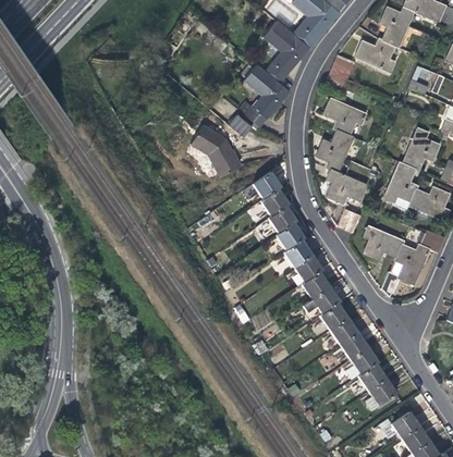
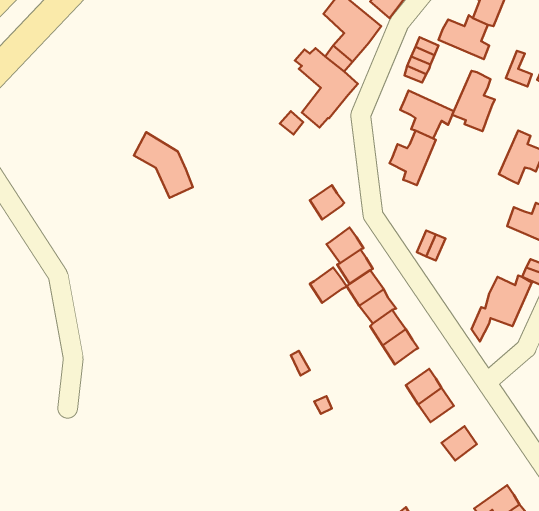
building: [193,123,240,175] -> [134,132,193,198]
building: [384,162,418,210] -> [452,71,495,131]
building: [327,169,367,203] -> none
building: [260,188,290,217] -> [310,267,347,303]
building: [364,227,404,261] -> none
building: [319,302,348,331] -> none
building: [344,347,379,381] -> none
building: [364,378,396,410] -> none

